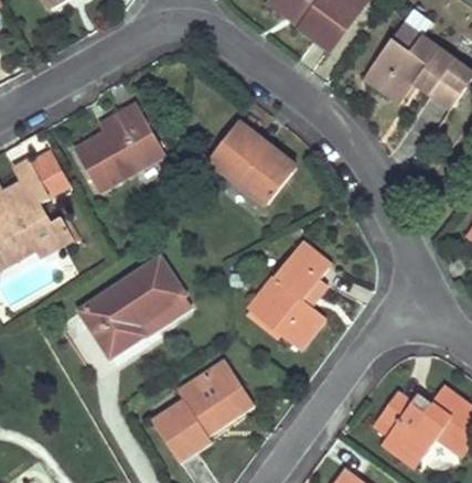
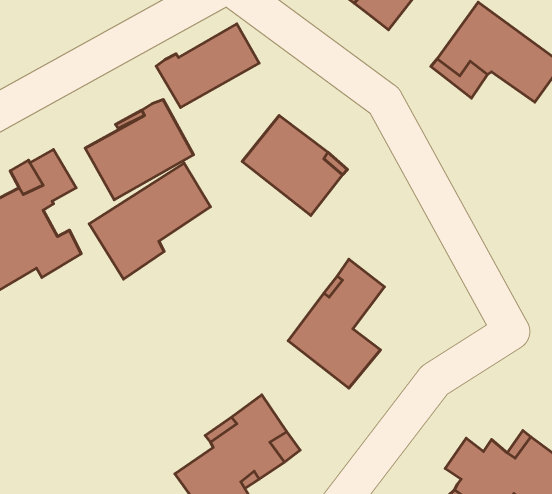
building: none -> [156,24,259,107]
building: [82,258,183,355] -> [89,163,210,279]

